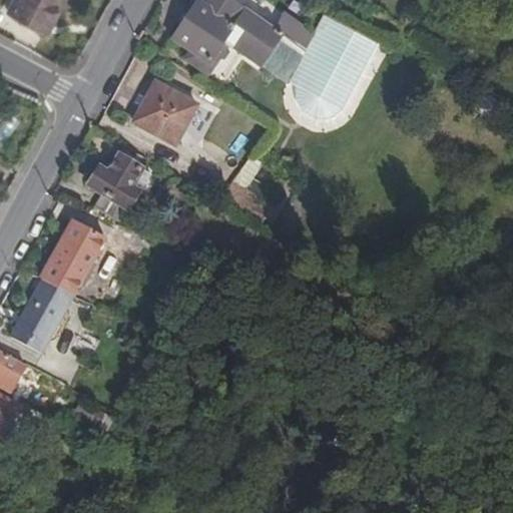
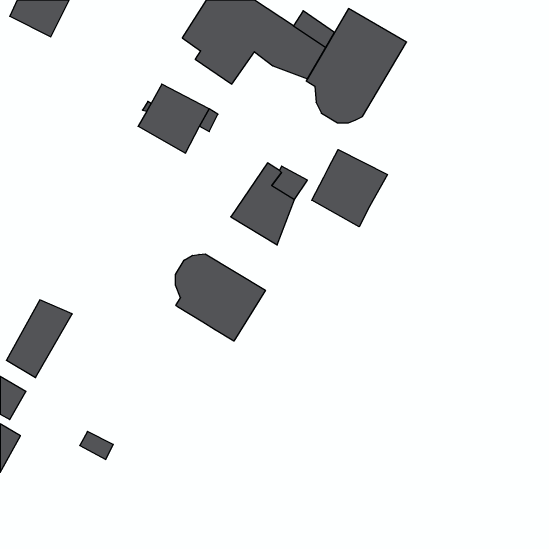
building: none -> [312,150,387,227]
building: [90,151,144,219] -> none
building: [39,222,101,294] -> none
building: none -> [175,254,265,341]

